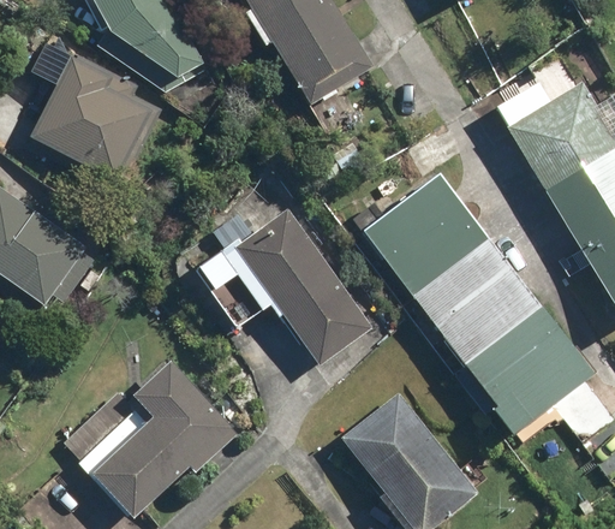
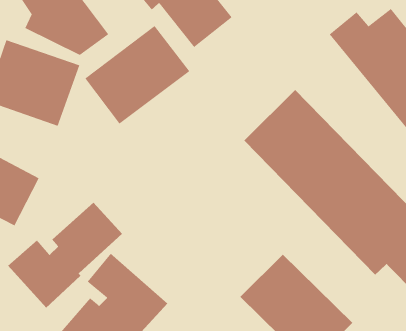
building: none -> [85,25,190,125]
building: [195,206,371,365] -> none
building: none -> [7,202,123,308]

